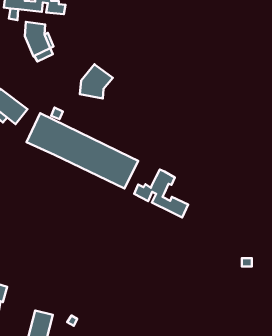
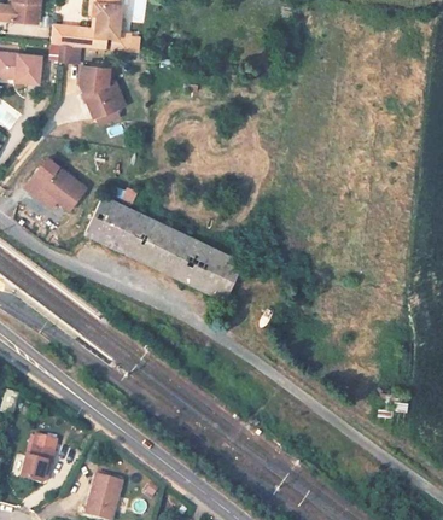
building: [80,64,113,99] -> none
building: [134,169,188,217] -> none

